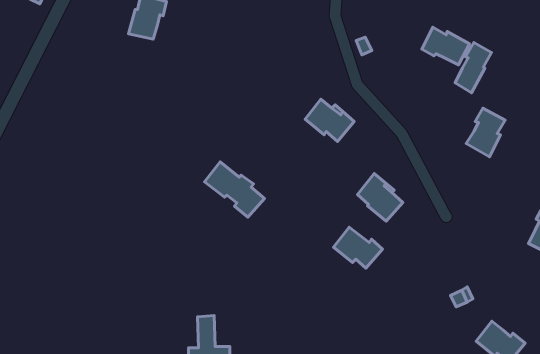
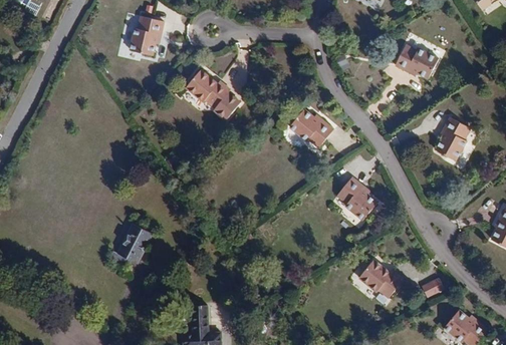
building: [455,43,492,93] -> none
building: [205,162,265,217] -> [186,69,240,119]
building: none -> [109,223,152,265]
building: [334,227,382,268] -> [358,260,403,297]

